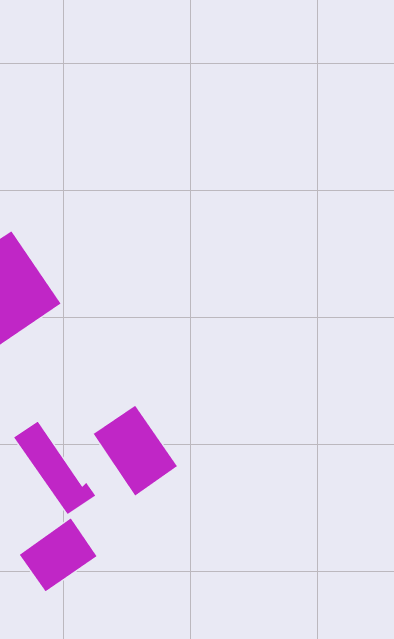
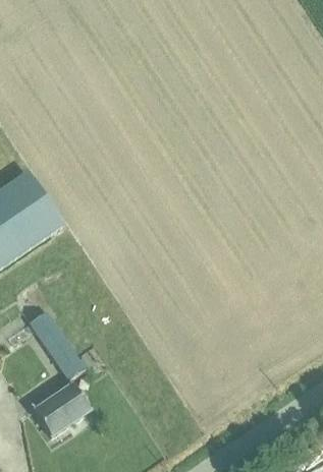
building: [93,405,178,496] -> none

